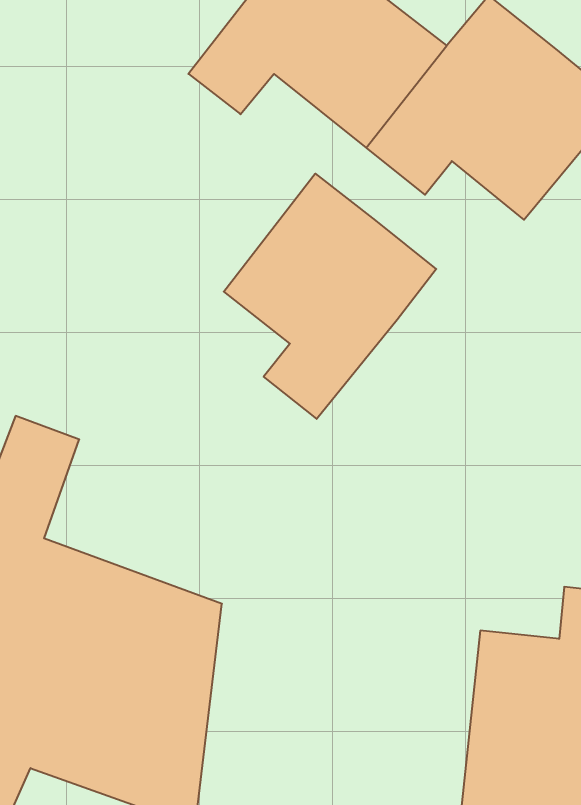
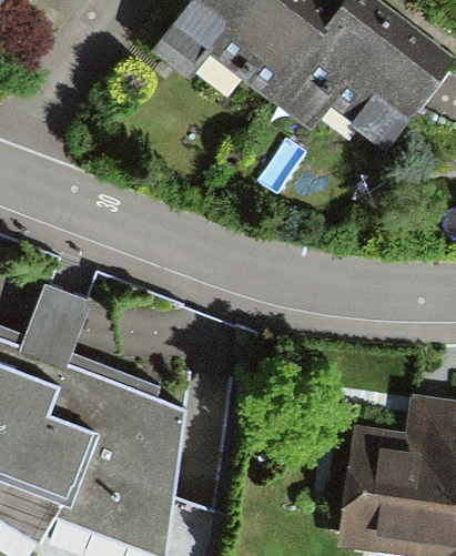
building: [224,174,436,419] -> none

